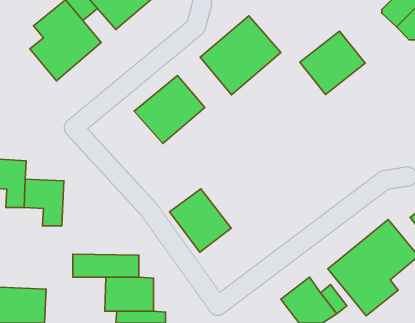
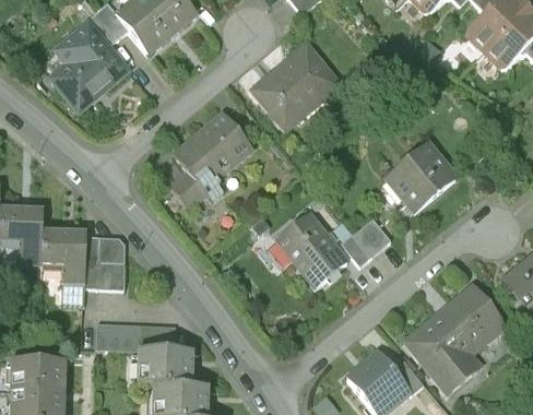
building: [300,31,365,94] -> [383,141,461,216]
building: none -> [169,170,205,209]
building: none -> [342,217,391,264]
building: none -> [84,236,127,290]
building: [170,189,231,252] -> [275,215,348,290]

